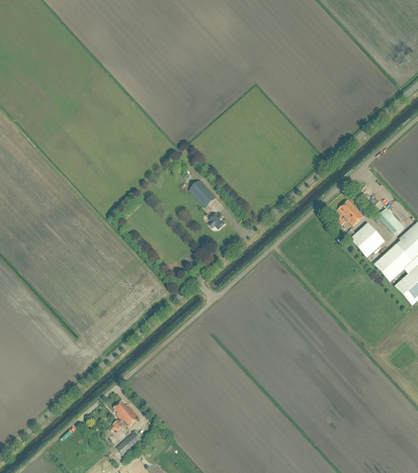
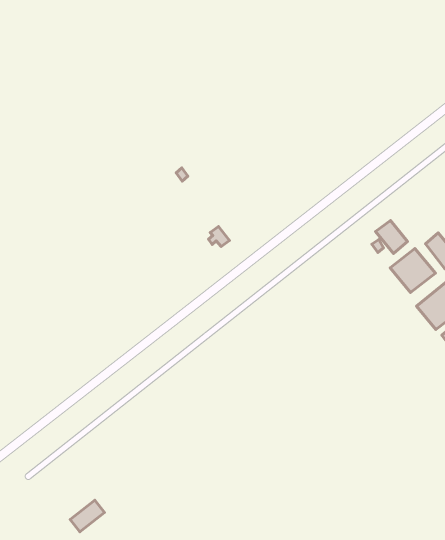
building: [188,179,217,208] -> none
building: [113,401,140,429] -> none

